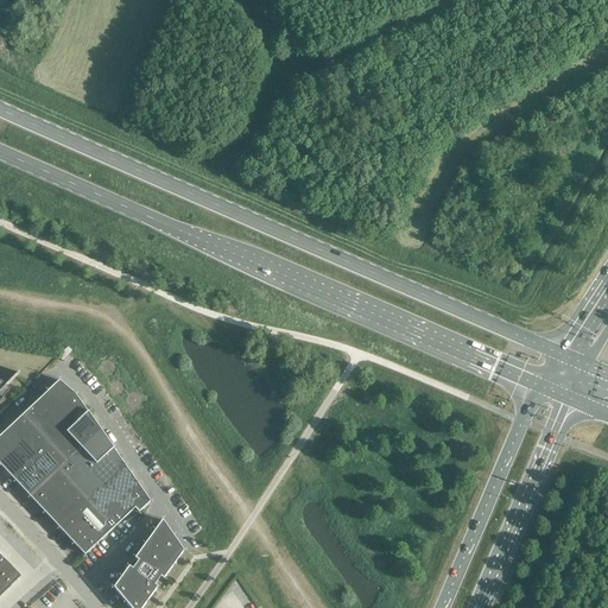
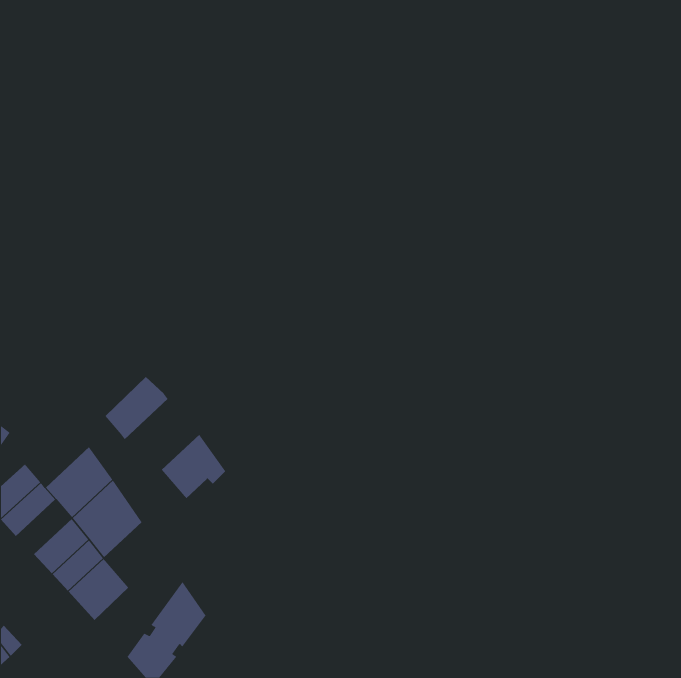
building: [23,378,80,435] -> [105,376,168,440]
building: [14,445,64,494] -> none
building: [93,466,151,524] -> [161,434,226,499]

